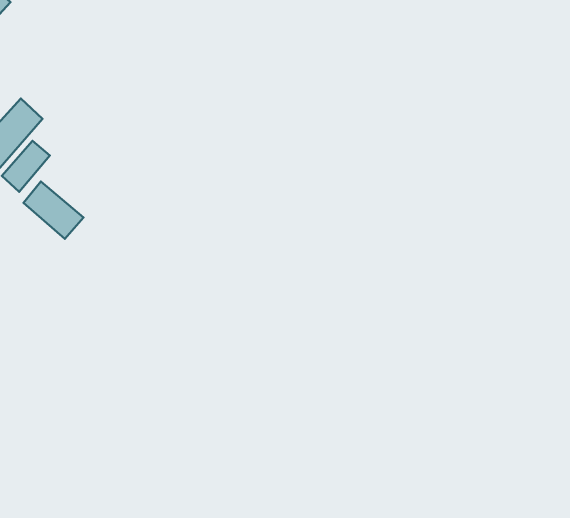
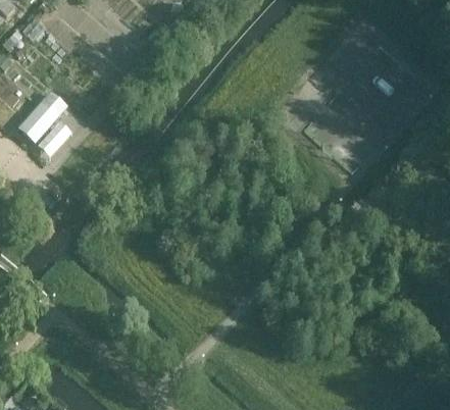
building: [23,182,84,239] -> none

